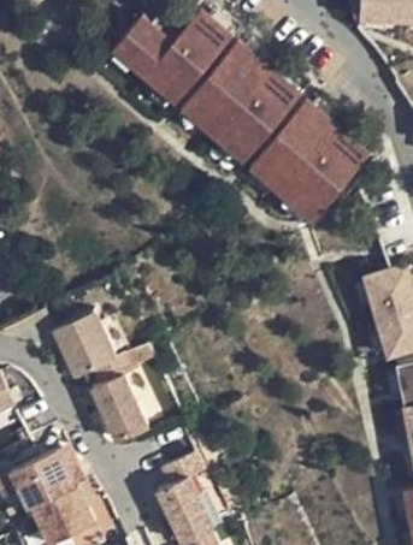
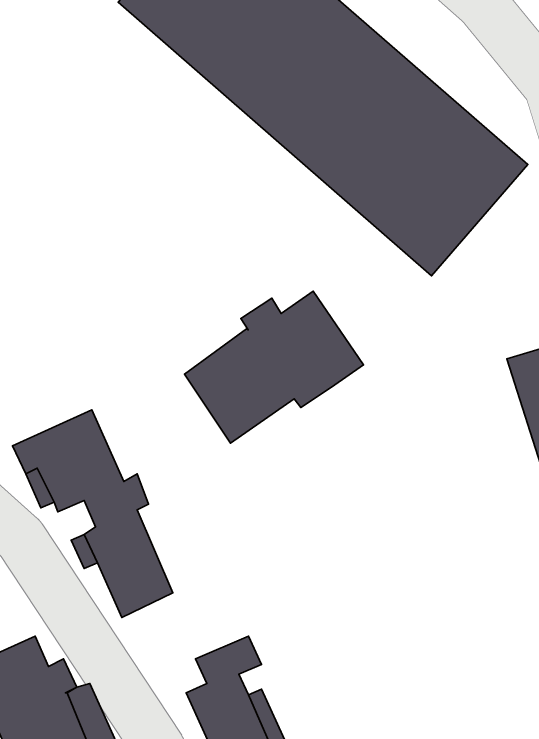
building: none -> [184,291,363,443]

